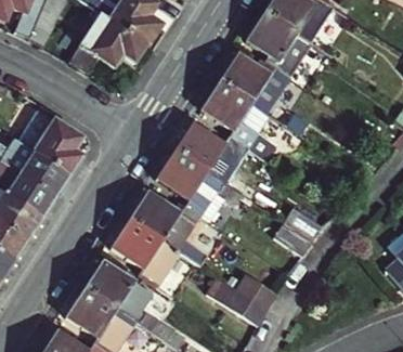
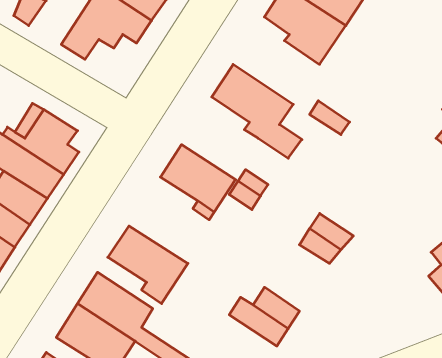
building: [218,53,292,115] -> none
building: [173,121,239,178] -> none
building: [128,192,206,265] -> none

